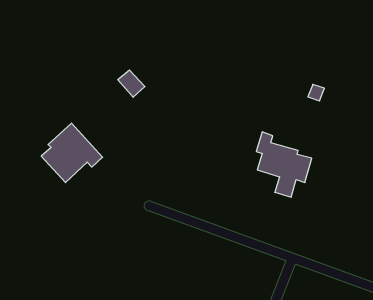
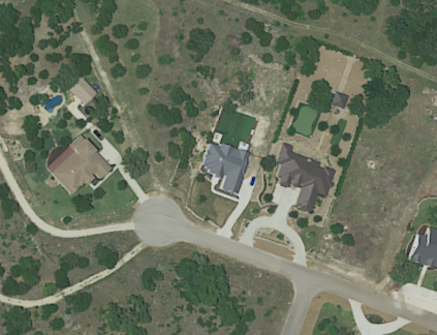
building: [118,70,145,97] -> [68,75,97,104]
building: none -> [200,141,249,193]

